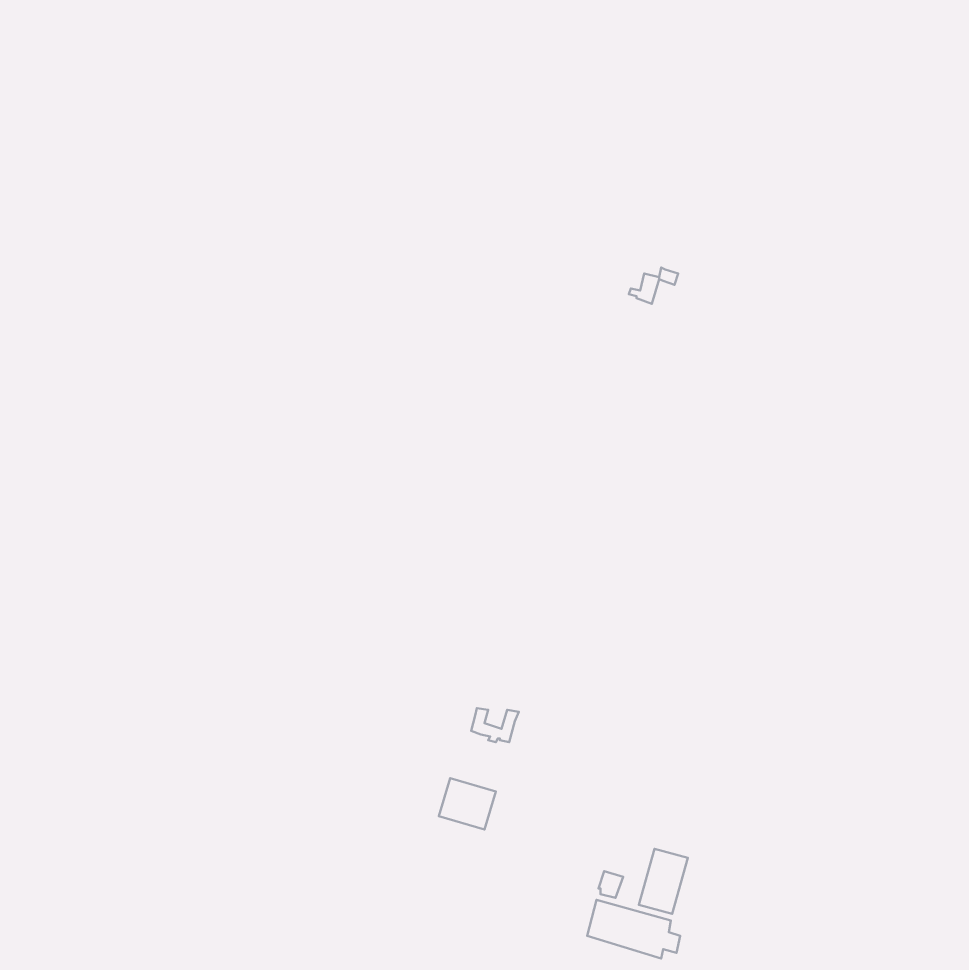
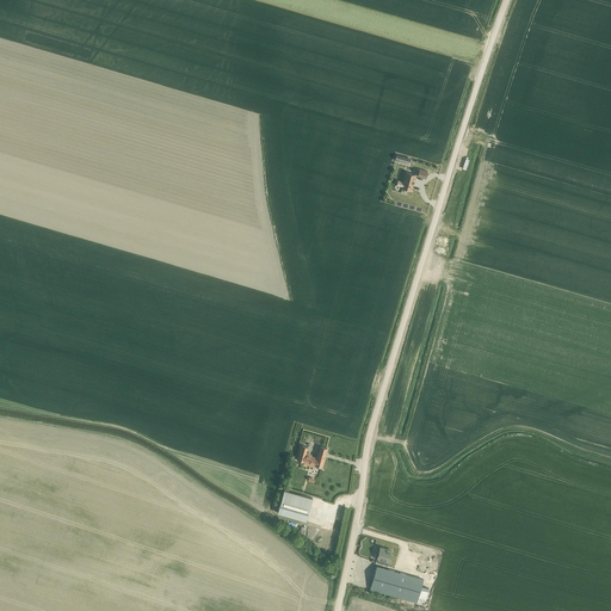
building: [639,849,688,914] -> none

